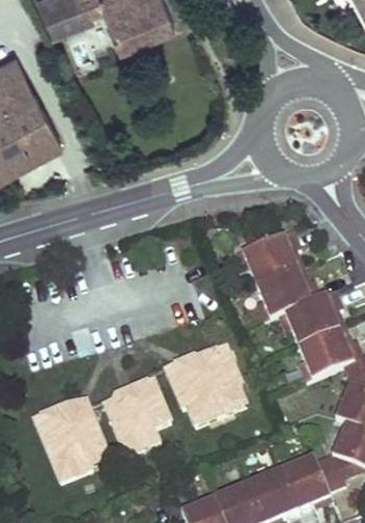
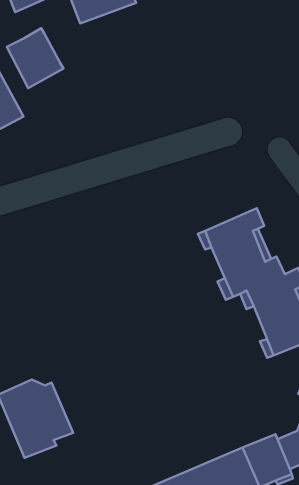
building: none -> [7,28,63,88]
building: [164,345,246,424] -> none
building: [104,380,170,452] -> none

